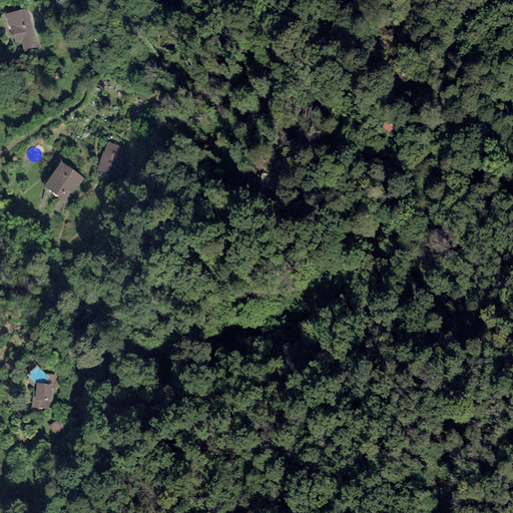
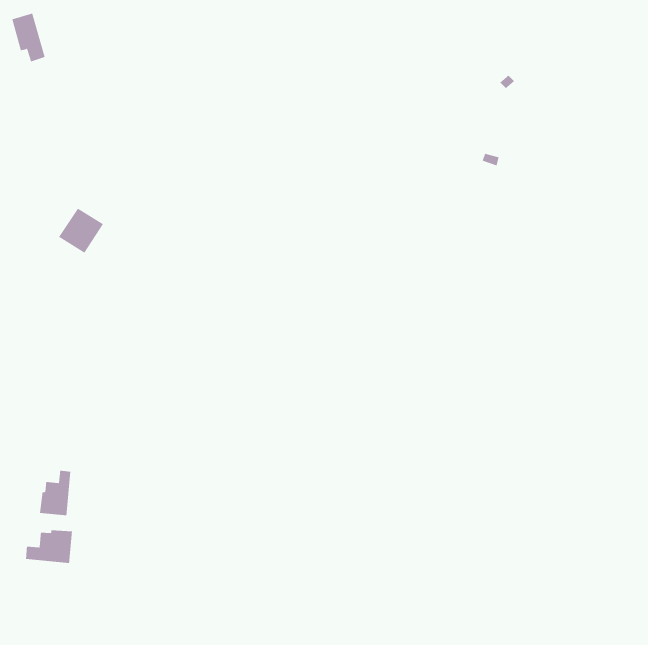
building: [98,142,122,173] -> none
building: none -> [25,530,73,564]

